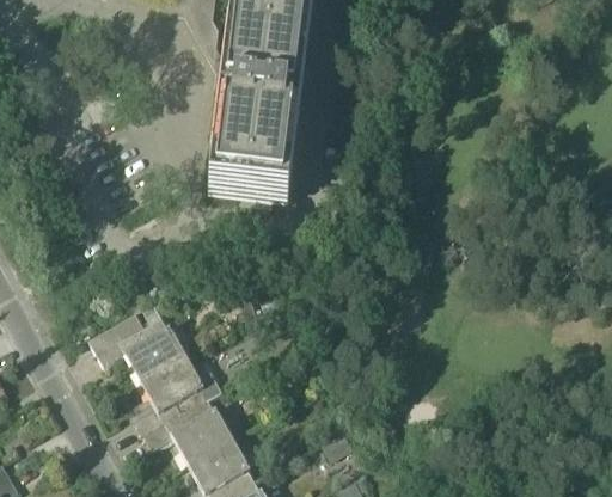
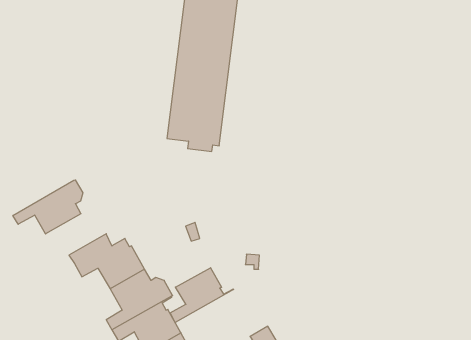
building: none -> [13,180,83,234]
building: none -> [170,268,234,322]

